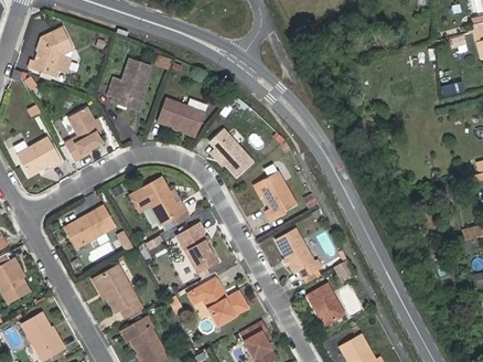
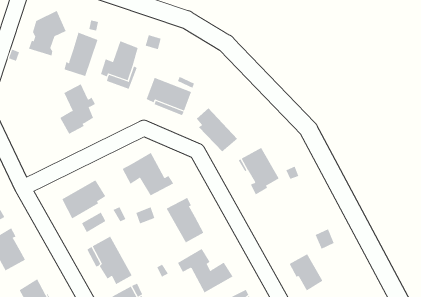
building: none -> [64,32,98,77]
building: [15,134,62,173] -> none
building: [275,230,321,278] -> none

